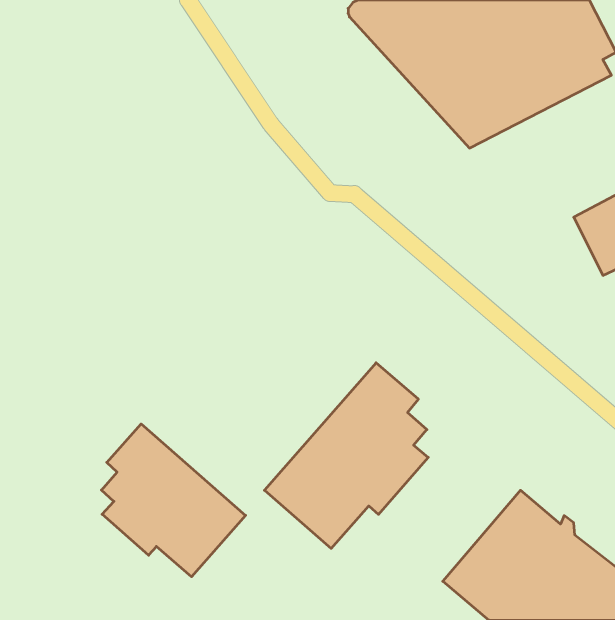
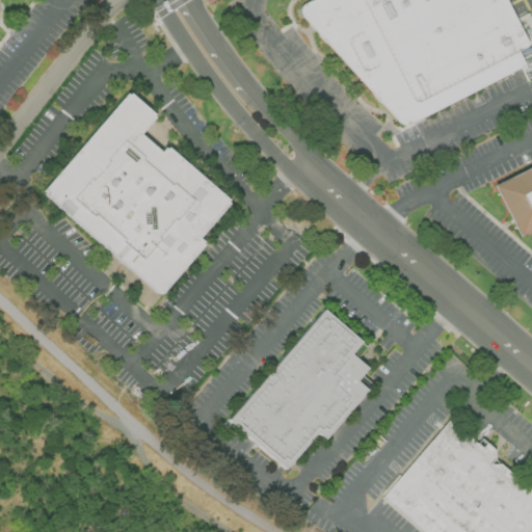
building: none -> [44,90,238,293]
building: [101,424,246,577] -> none

